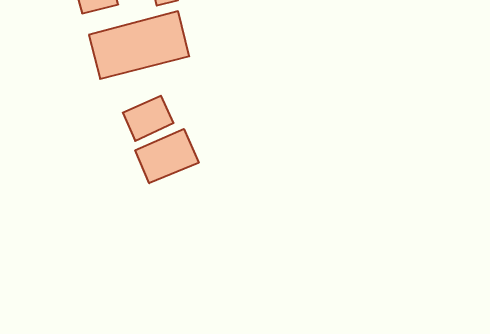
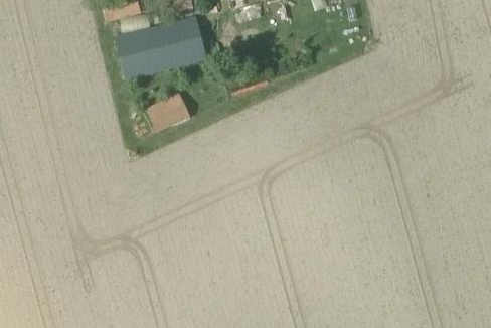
building: [135,129,199,183] -> none

